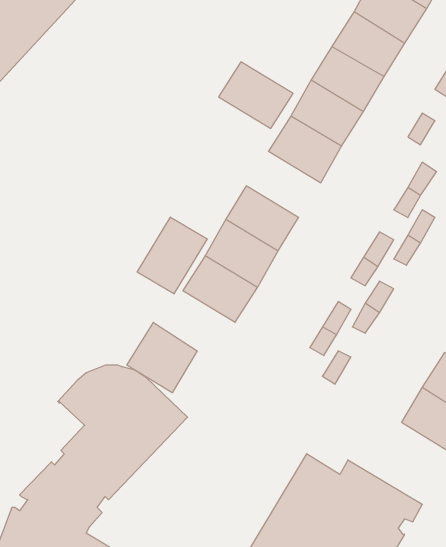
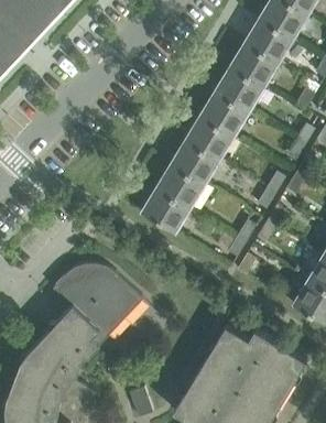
building: [219,62,293,128] -> [184,113,236,160]
building: [137,217,207,294] -> none
building: [127,322,197,393] -> none

